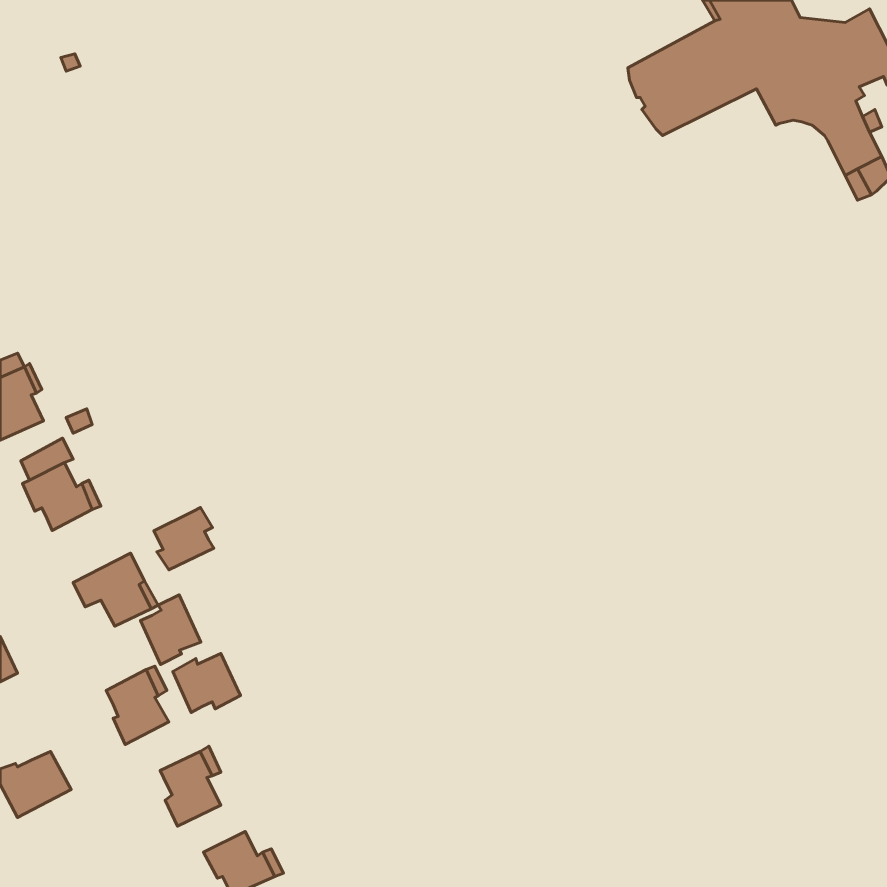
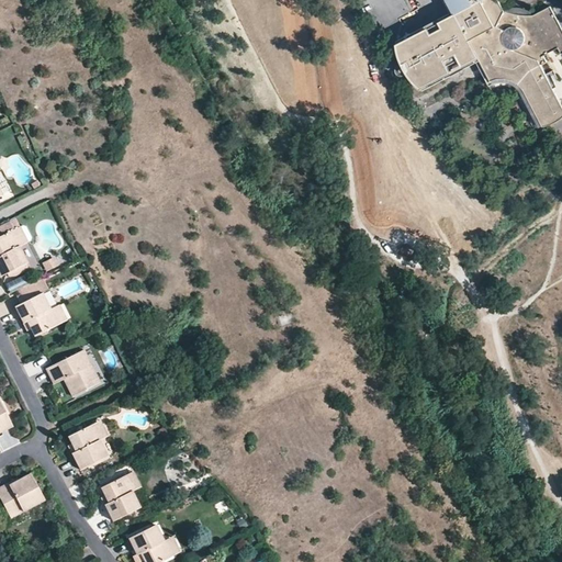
building: [154,507,214,570] -> none
building: [141,595,201,664] -> none
building: [173,654,240,713] -> none

